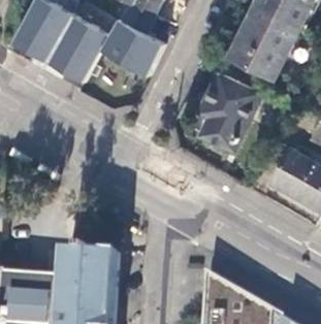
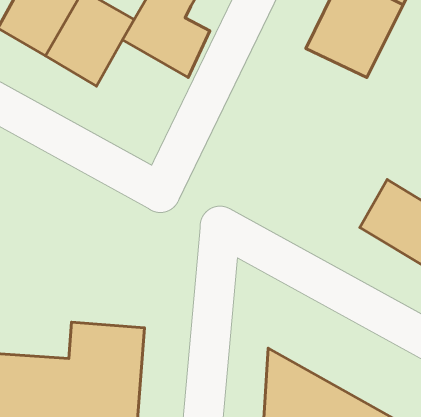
building: [196,69,258,149] -> none

